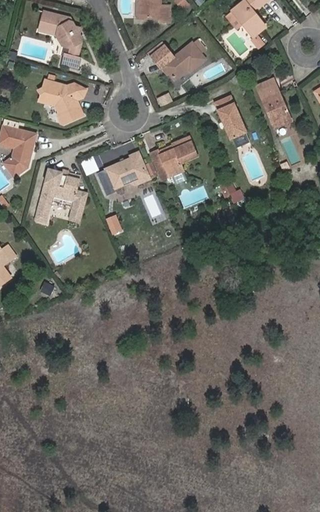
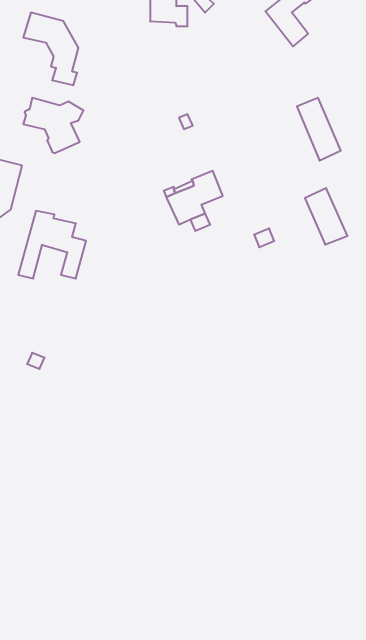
building: [155,42,205,79] -> none
building: [213,94,247,139] -> [305,188,348,245]
building: [105,151,149,188] -> none

